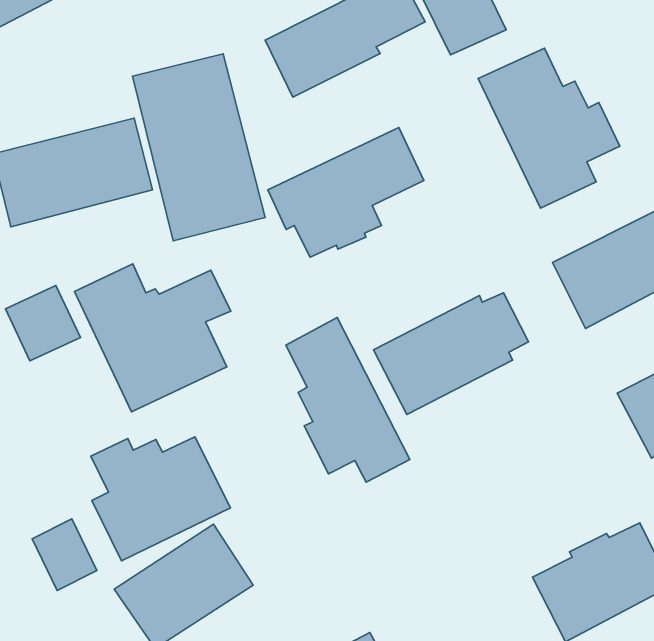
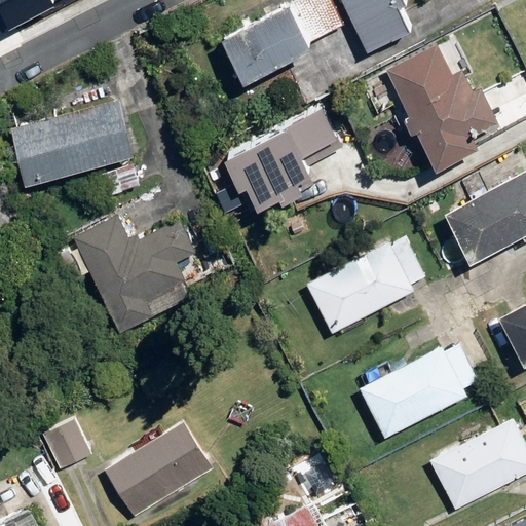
building: [133,54,265,241] -> none
building: [5,286,80,361] -> none
building: [286,317,410,482] -> none
building: none -> [359,345,479,437]
building: [91,437,231,561] -> none

